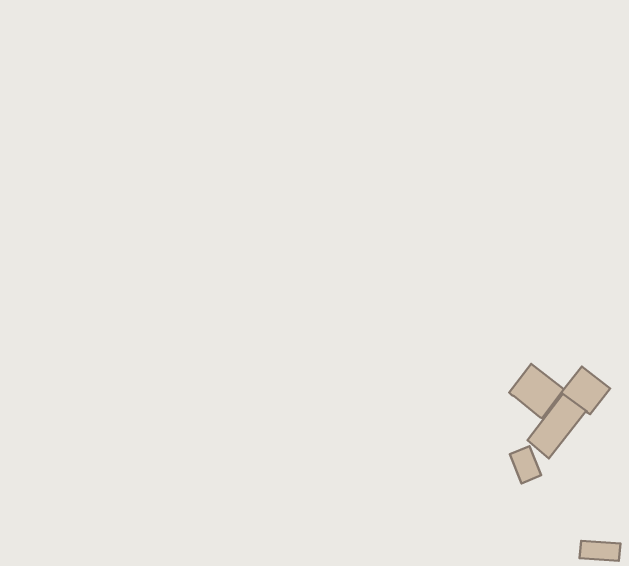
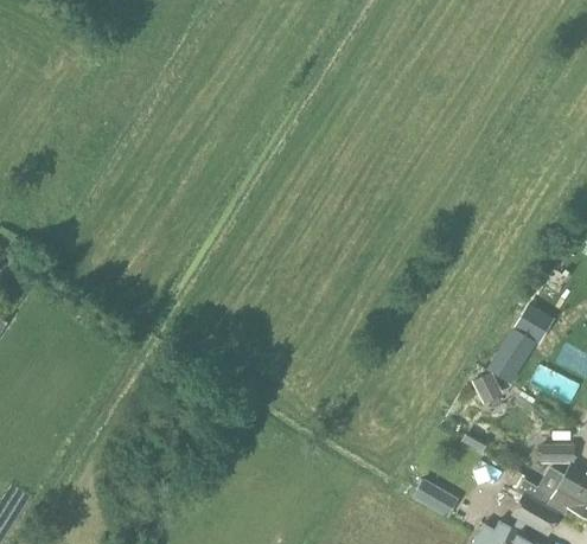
building: [509,364,564,418] -> none

